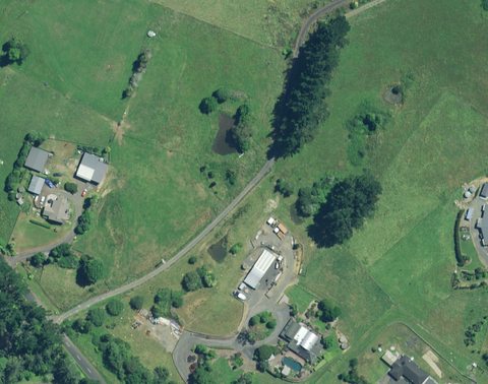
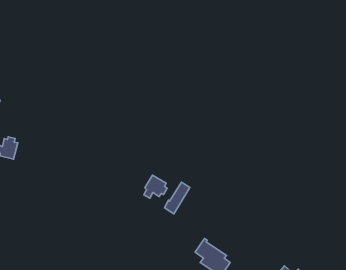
building: [76,151,100,180] -> none
building: none -> [144,175,167,198]

